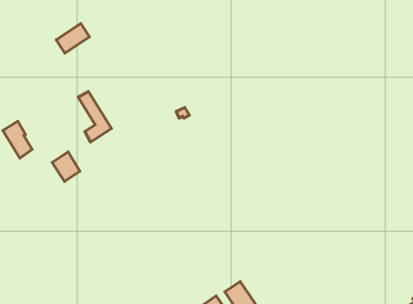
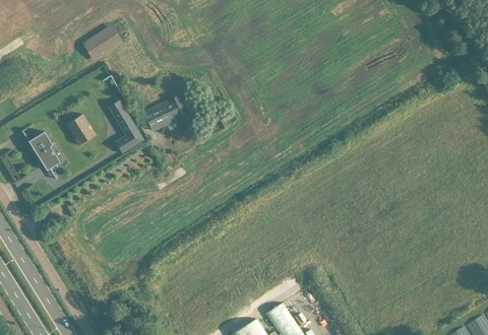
building: none -> [144,96,191,132]
building: [52,152,80,182] -> [66,116,96,147]

